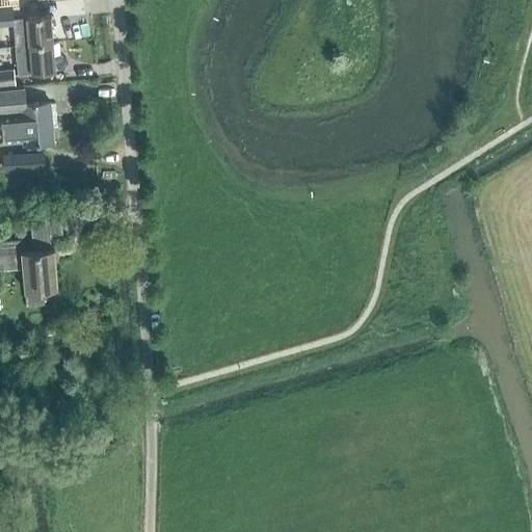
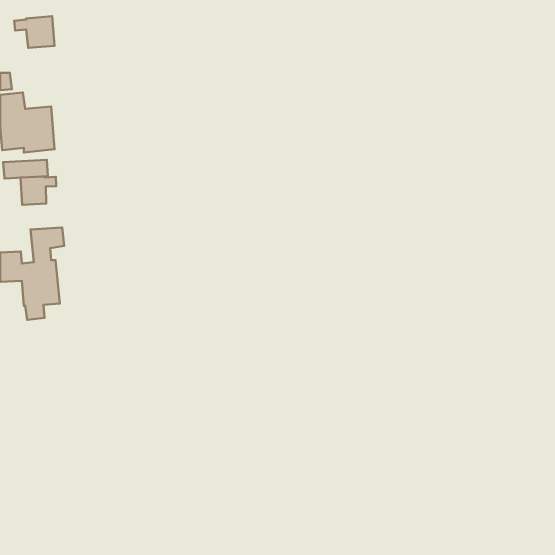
building: [17,45,56,75] -> none
building: none -> [21,176,56,205]

